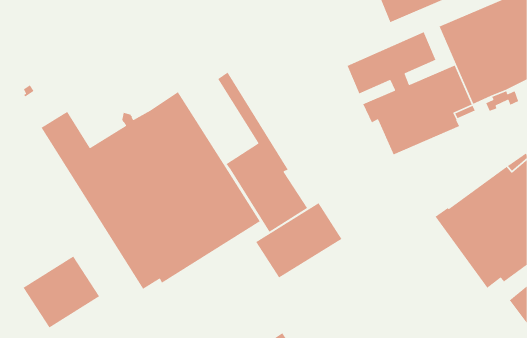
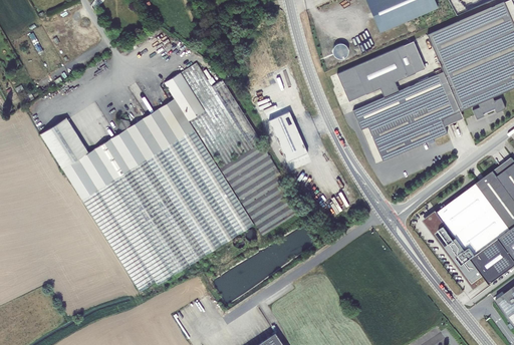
building: none -> [164,62,251,176]
building: none -> [269,111,307,161]
building: [255,202,343,279] -> none
building: [23,255,100,328] -> none

